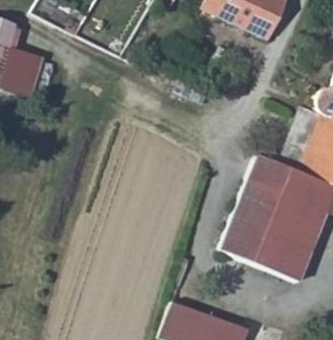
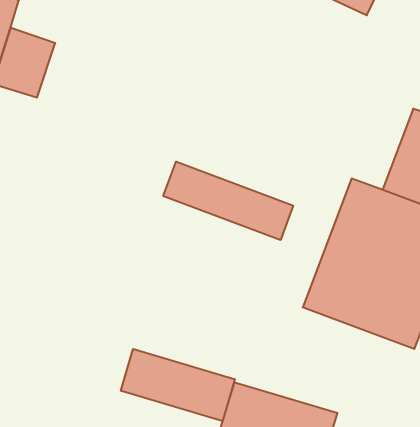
building: none -> [163,162,293,240]
building: none -> [121,349,235,421]

